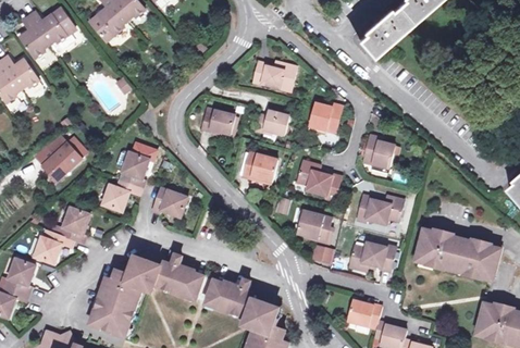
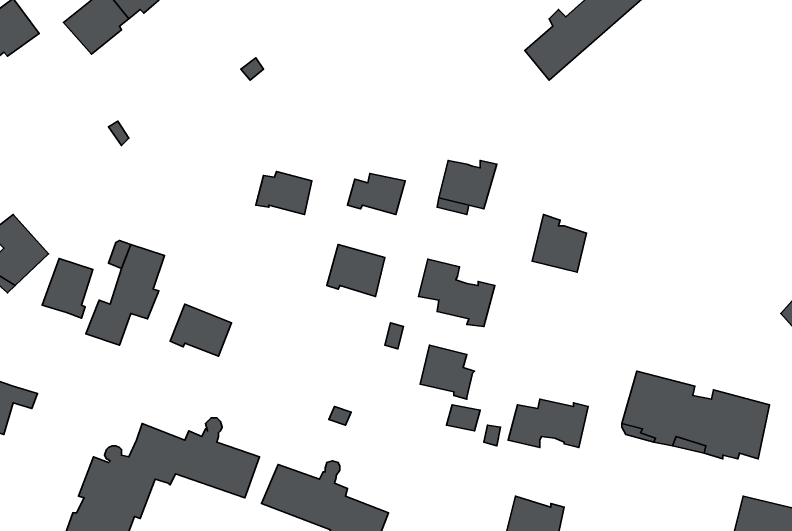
building: [253,62,298,87] -> none
building: [357,196,404,224] -> none
building: [61,208,90,243] -> [42,258,93,318]

